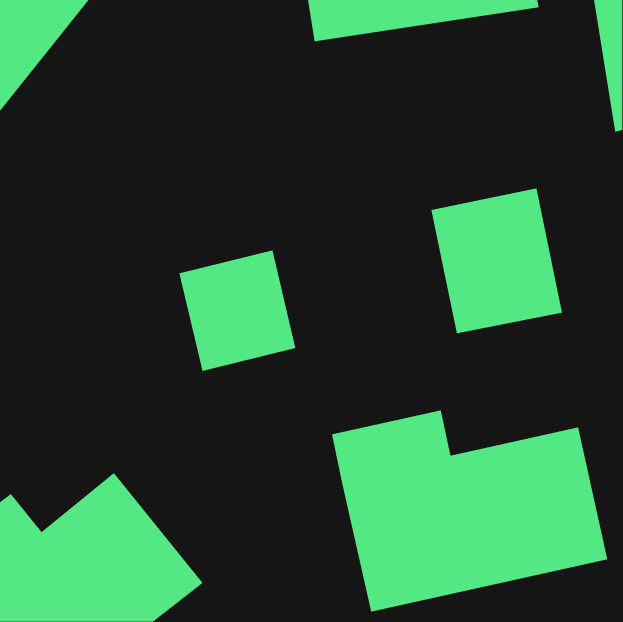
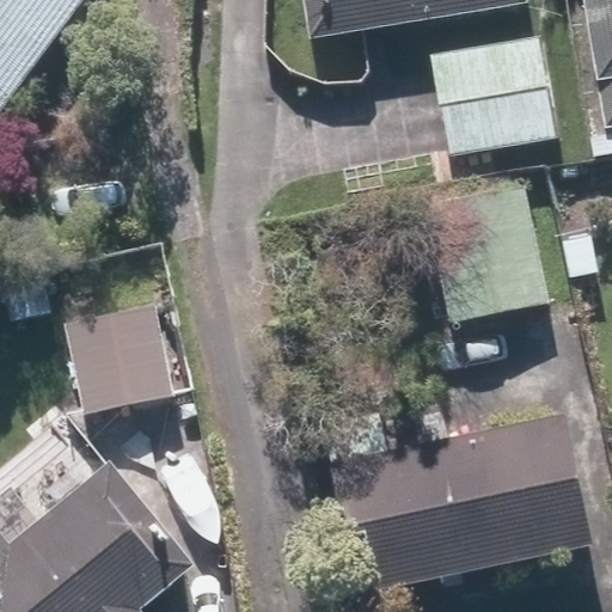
building: none -> [426,33,558,155]
building: [179,250,296,371] -> [63,298,178,416]

